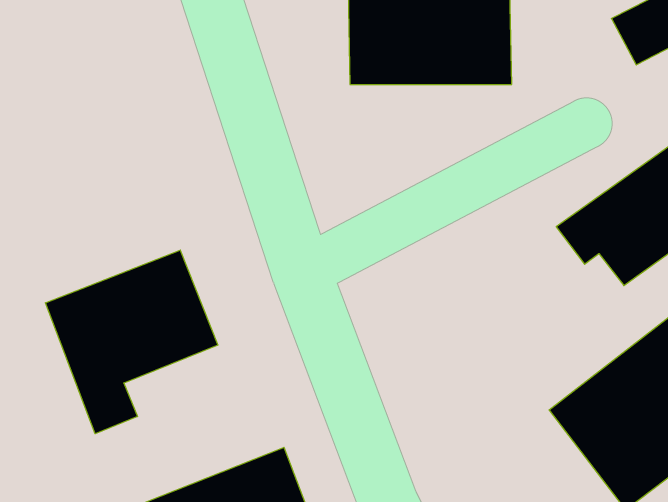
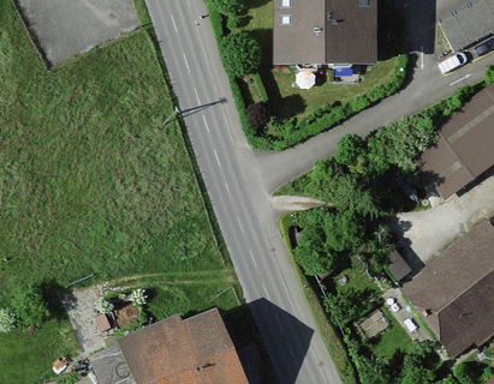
building: [45,250,218,434] -> none

